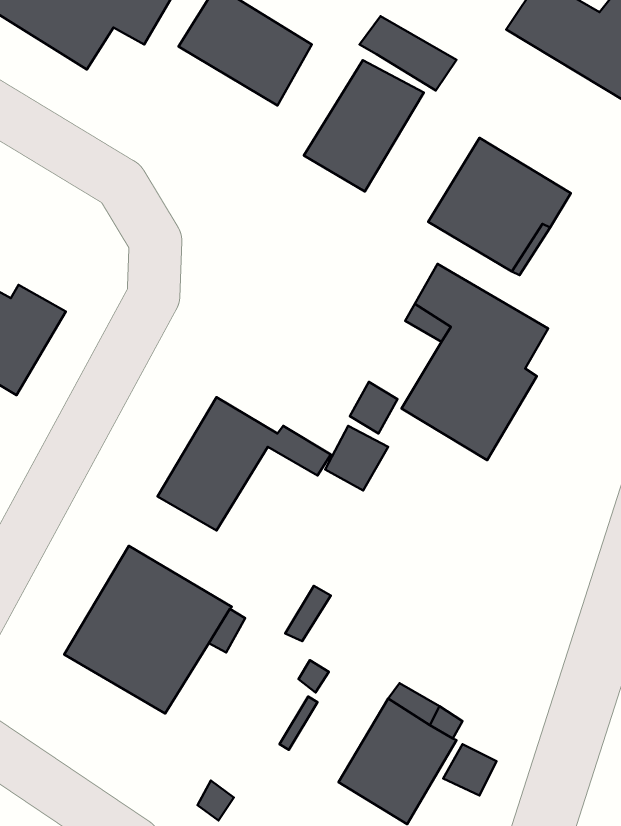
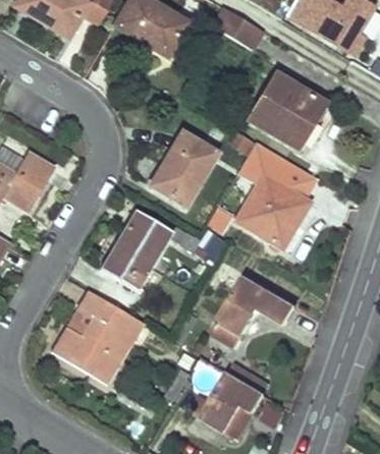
building: [304,60,424,192] -> [151,135,215,206]
building: none -> [211,277,294,347]

